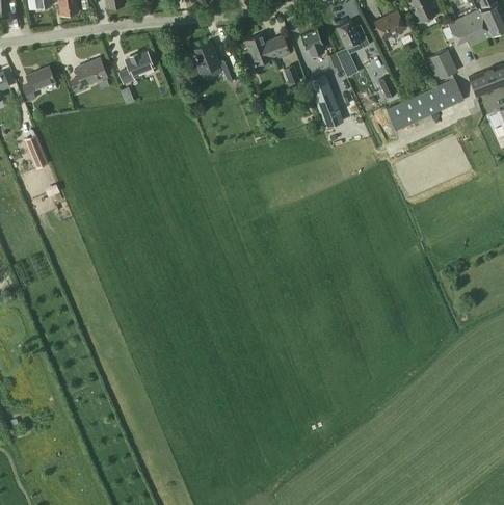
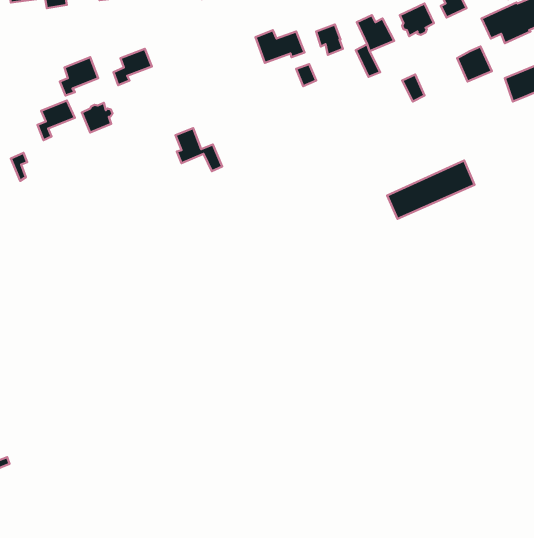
building: [195,42,237,80] -> [176,128,222,171]
building: [23,65,56,101] -> [38,100,75,140]
building: [308,74,343,128] -> none
building: [386,78,463,130] -> [387,160,474,219]
building: none -> [82,103,112,133]

